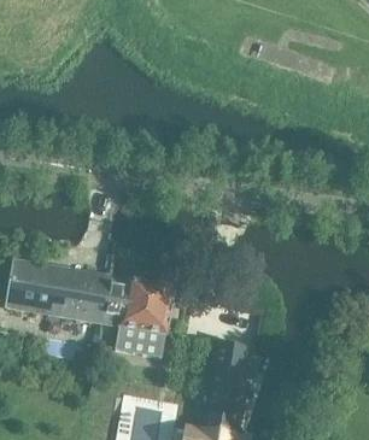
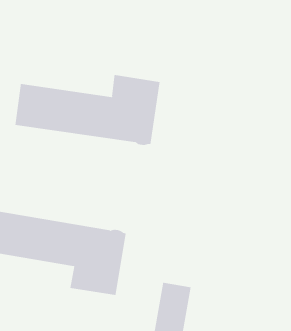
building: none -> [15,74,160,146]

